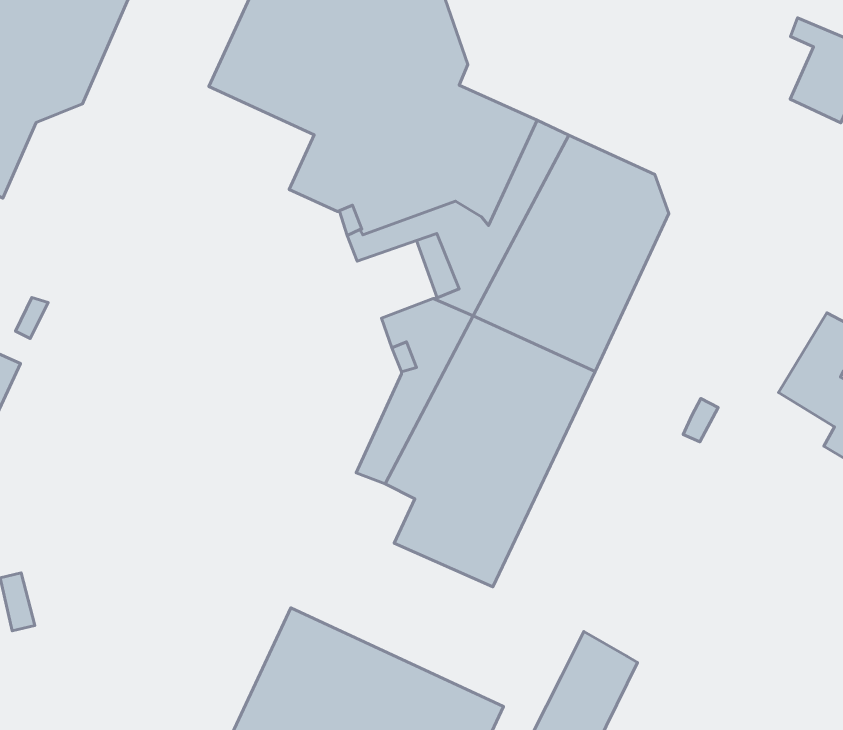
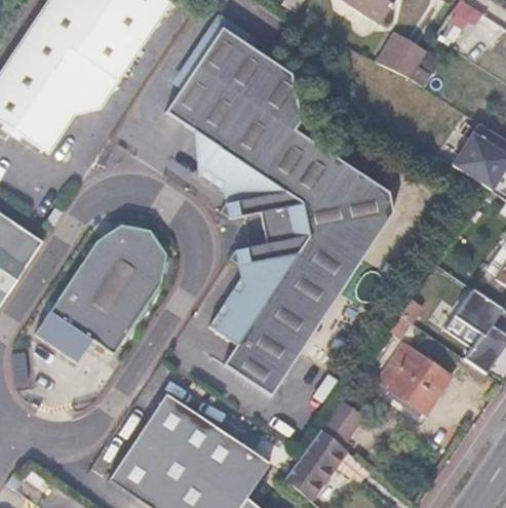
building: none -> [36,226,167,362]
building: none -> [376,343,450,414]
building: none -> [317,400,358,444]

